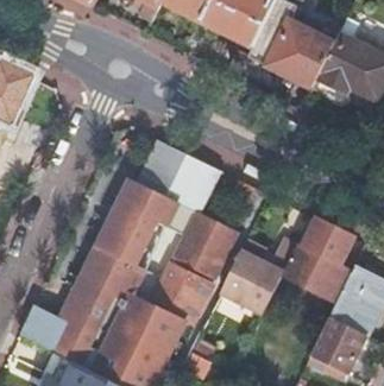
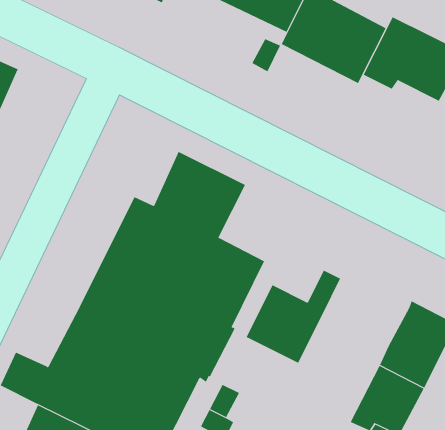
building: [282,219,353,300] -> none

